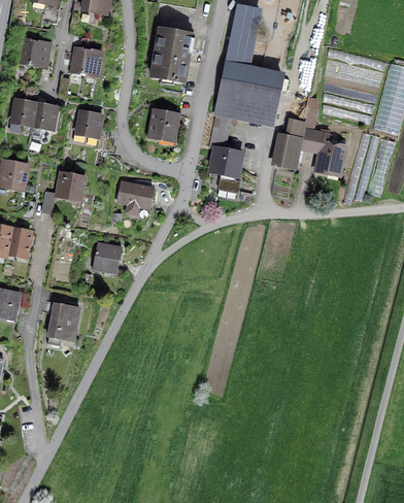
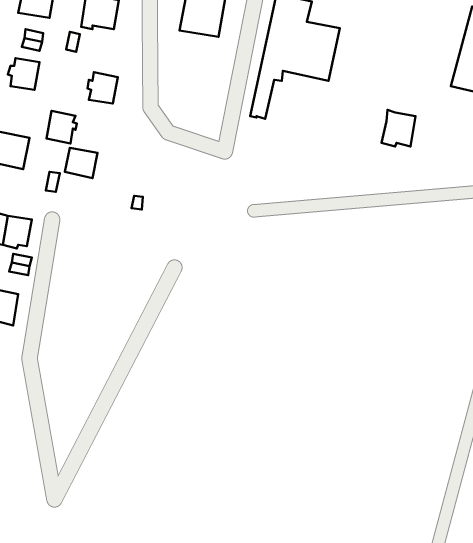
building: [33,102,58,129] -> [46,111,77,144]
building: [148,107,180,141] -> none
building: [276,127,330,168] -> none
building: [210,146,242,192] -> none
building: [117,180,154,213] -> none
building: [93,241,122,270] -> none
building: [48,302,77,340] -> none

